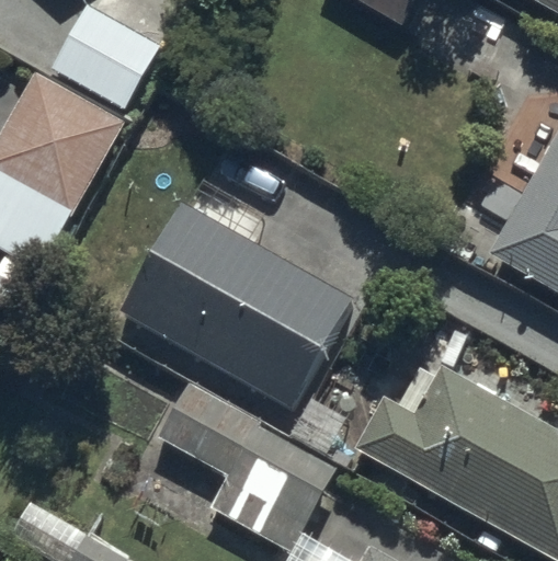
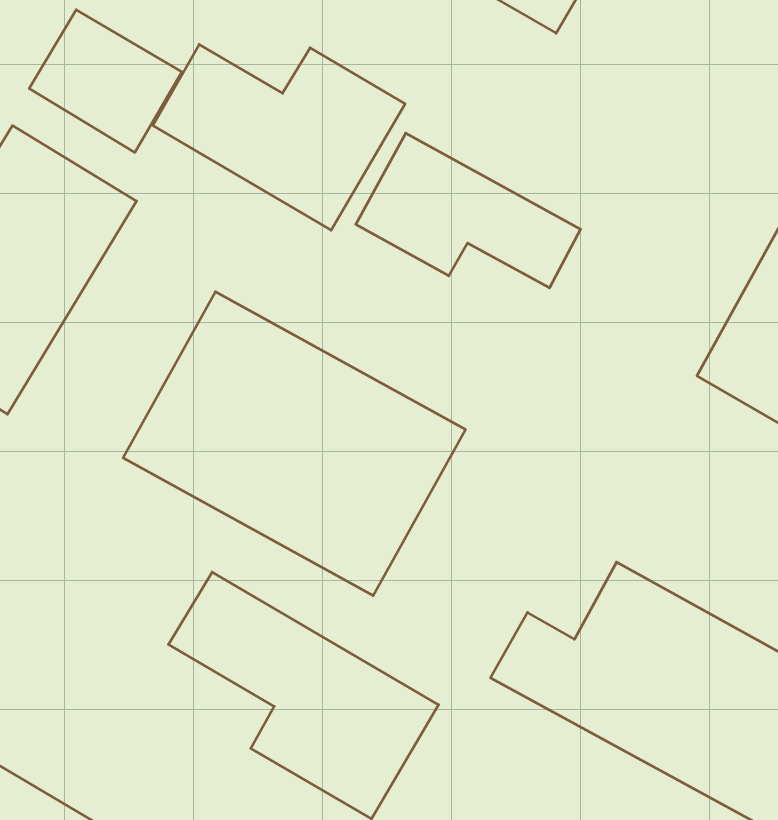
building: none -> [153,44,405,230]
building: none -> [356,133,581,288]

